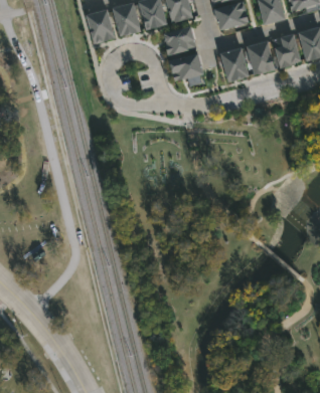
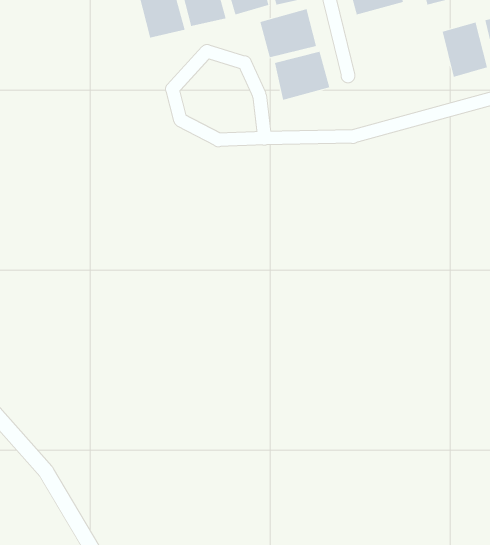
building: [246,41,275,75] -> none
building: [219,48,249,82] -> none

